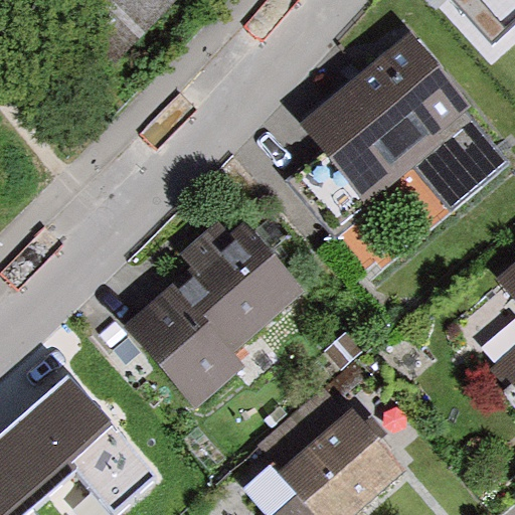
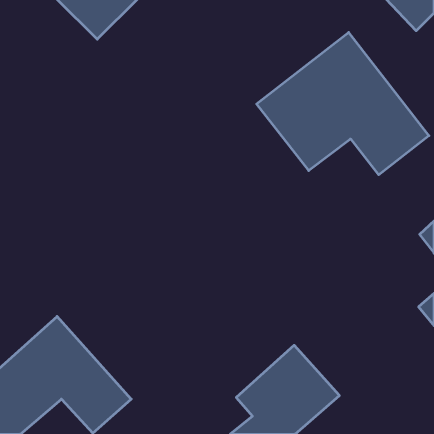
building: [128,223,303,400] -> none

